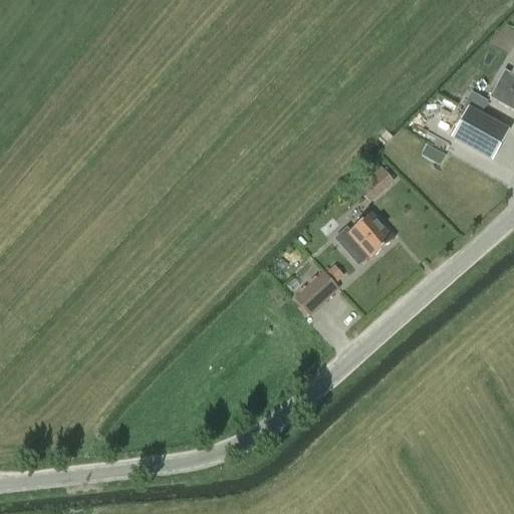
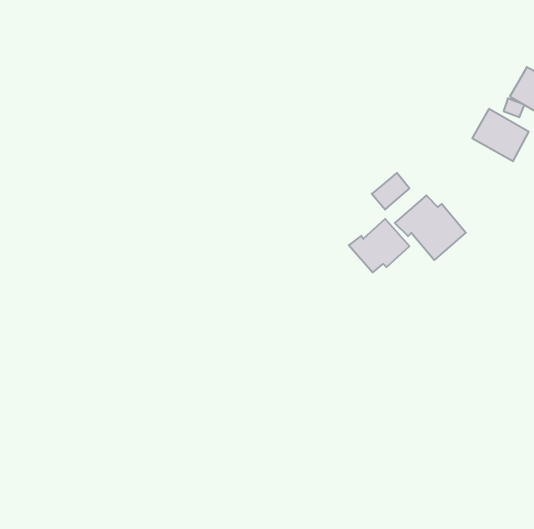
building: none -> [395,195,466,260]
building: [295,269,338,312] -> none

